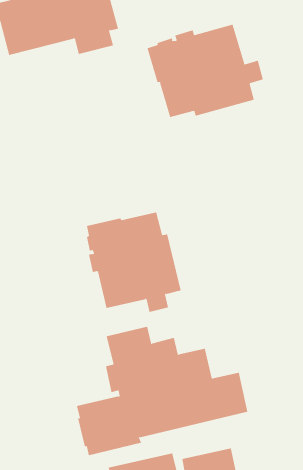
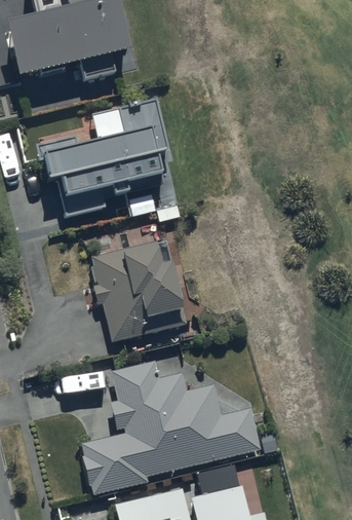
building: [147,24,264,118] -> none
building: none -> [18,92,169,218]

